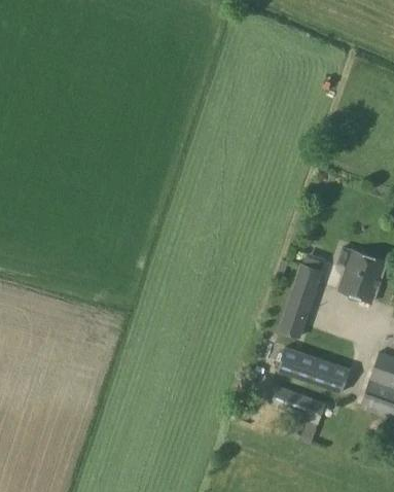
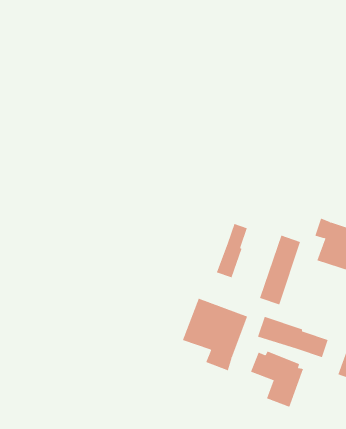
building: none -> [216,223,248,278]
building: none -> [182,298,248,371]

